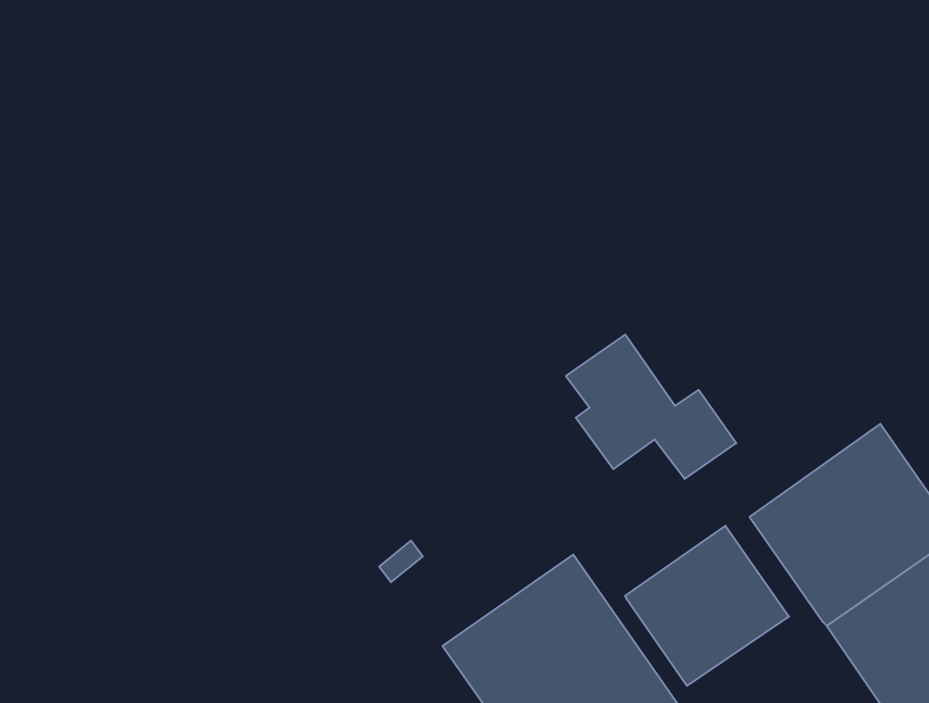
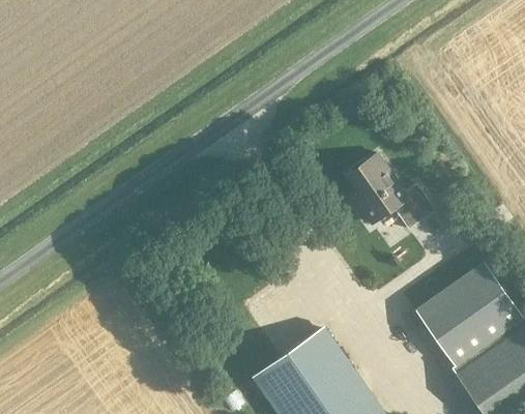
building: [566,334,736,479] -> [346,153,435,229]
building: [625,526,789,686] -> none

